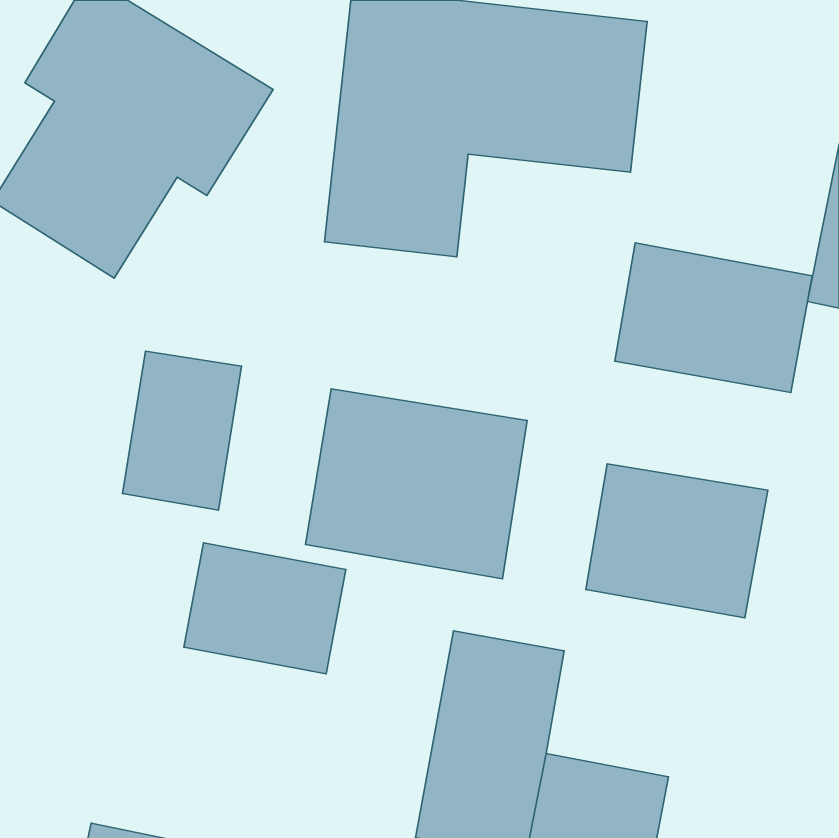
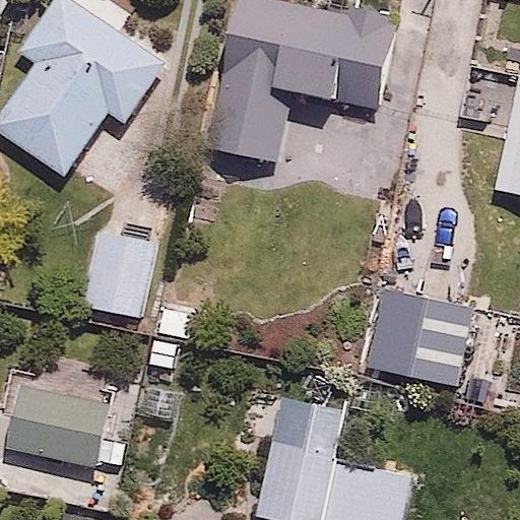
building: [615,243,812,392] -> none
building: [305,389,527,579] -> none
building: [184,543,346,674] -> [7,385,107,465]

